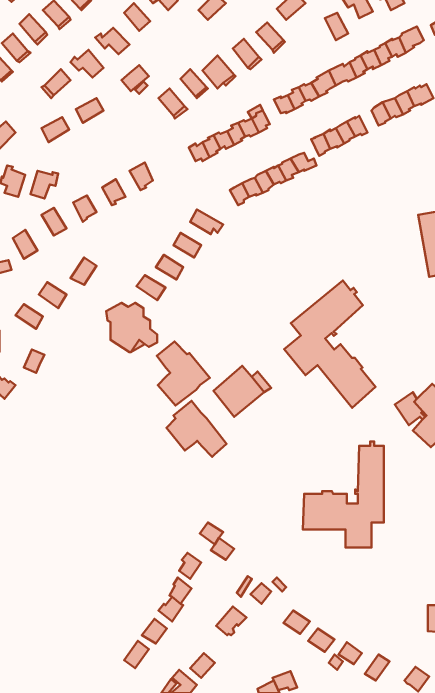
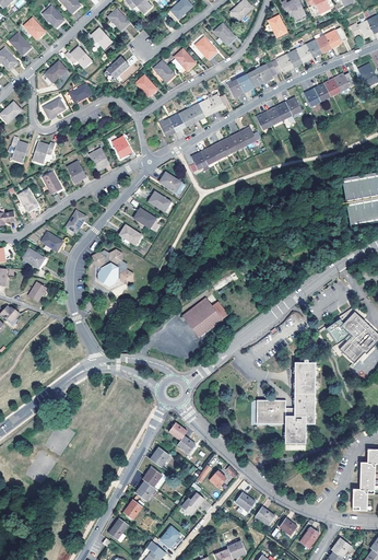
building: [284,281,375,408] -> none
building: [157,341,210,405] -> none
building: [167,401,227,457] -> none

